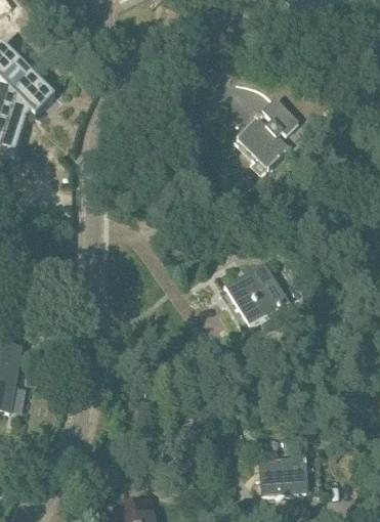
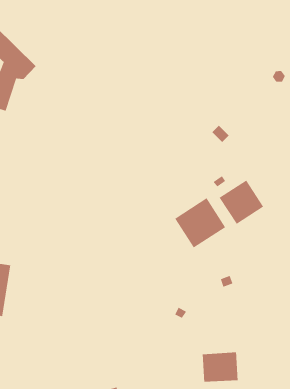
building: [237,98,298,168] -> none
building: none -> [219,179,264,225]

